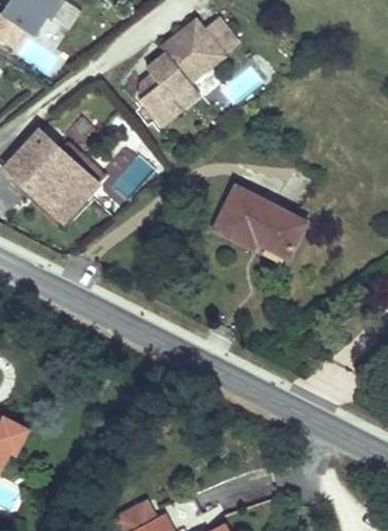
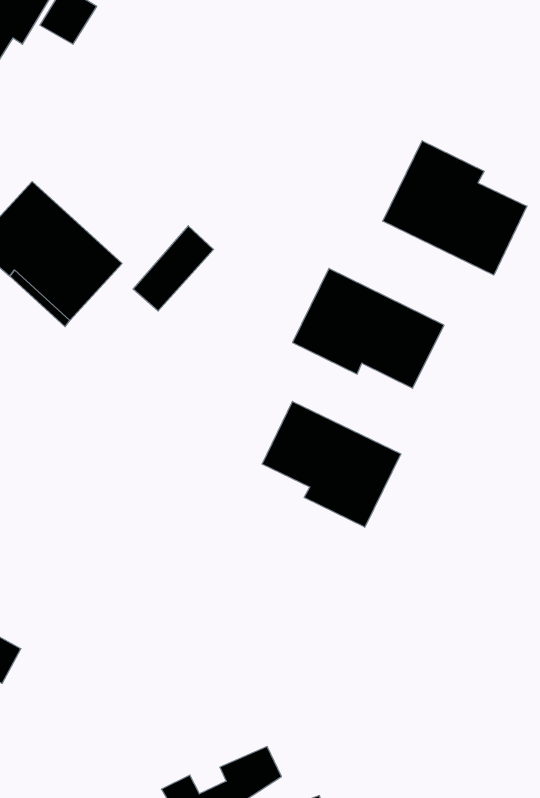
building: [135,15,240,128] -> none
building: none -> [383,141,527,275]
building: none -> [262,401,401,527]

